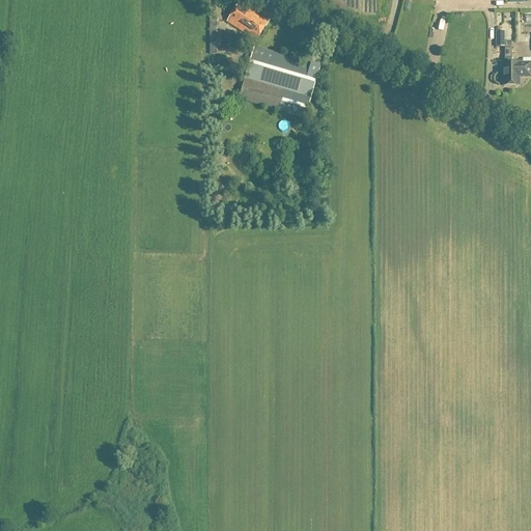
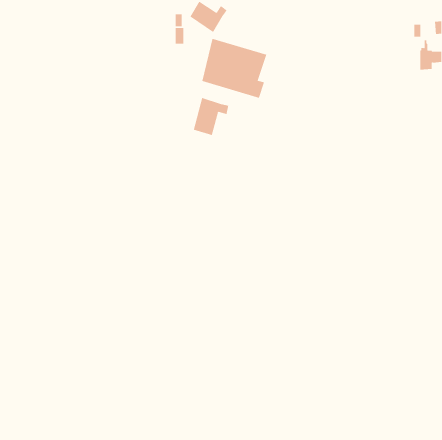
building: none -> [193,97,229,136]

